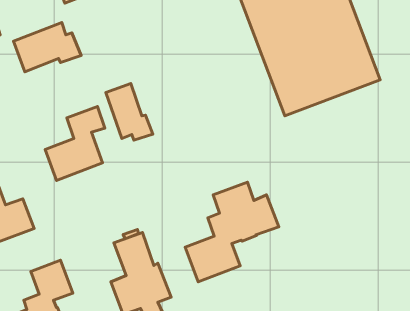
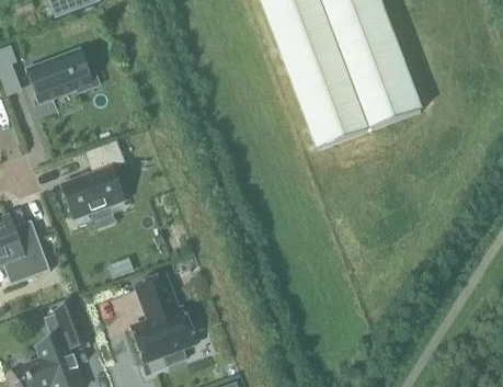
building: [106,84,153,140] -> none
building: [185,182,279,282] -> none

